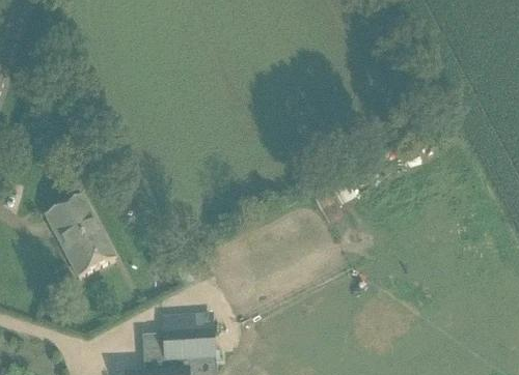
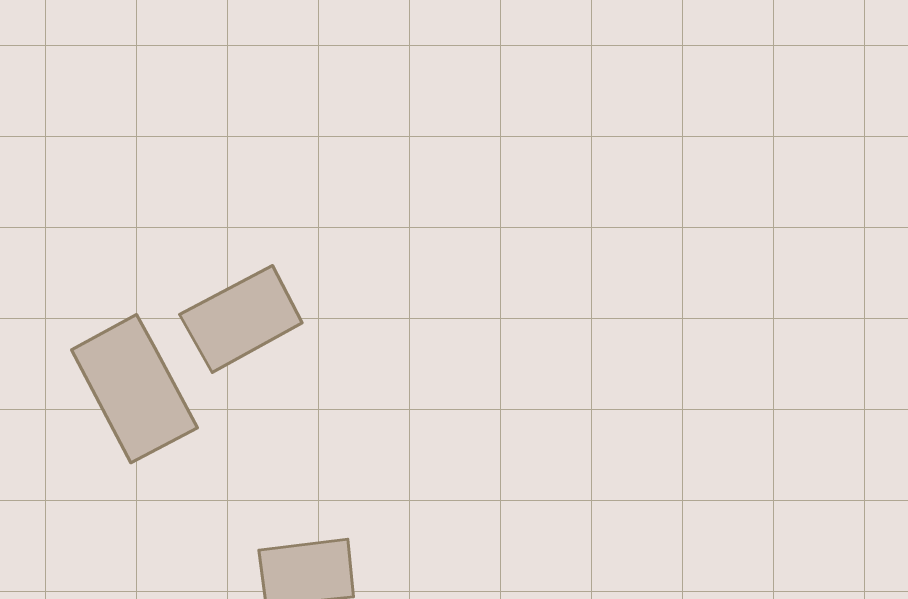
building: none -> [179,265,302,372]

